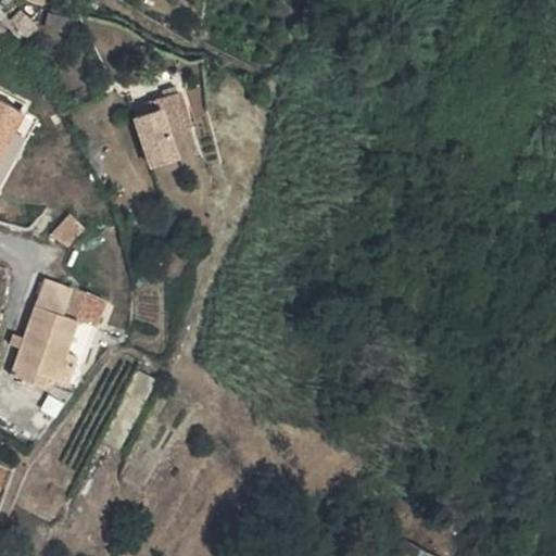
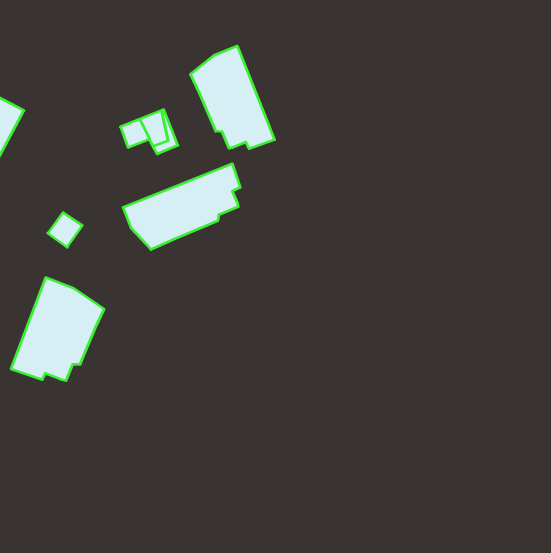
building: none -> [191,46,275,149]
building: none -> [123,164,240,250]

